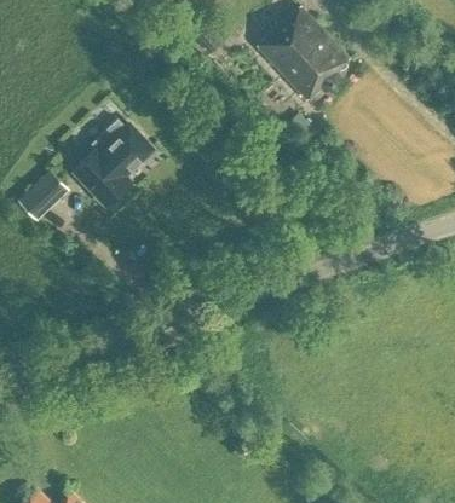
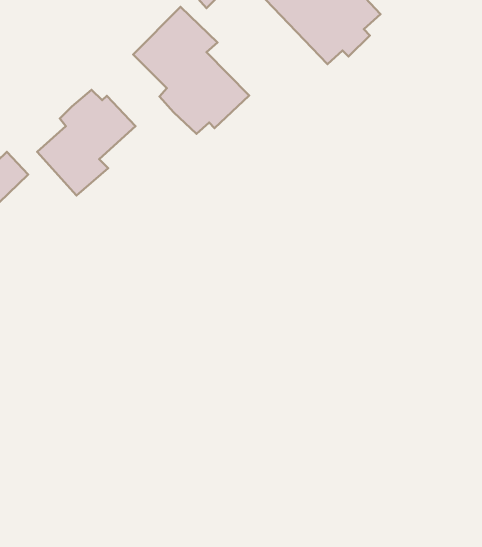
building: none -> [133,7,249,134]

